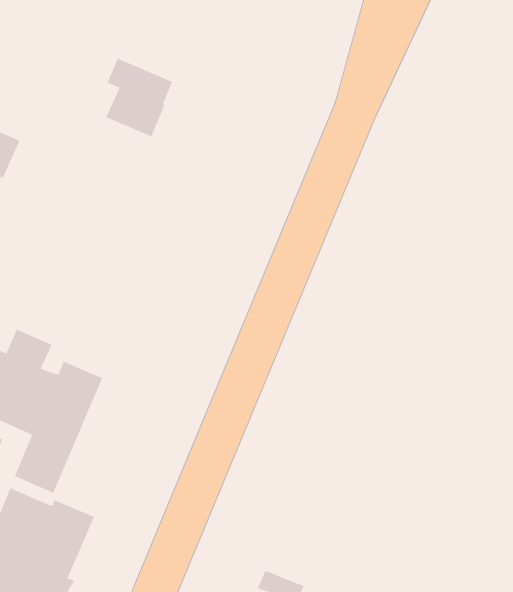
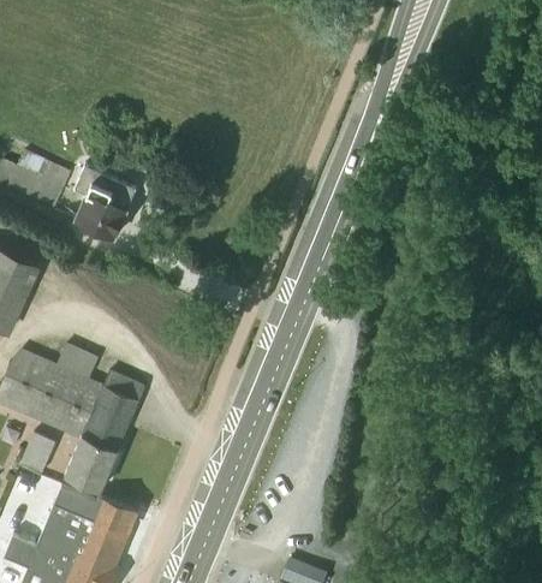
building: [105,58,173,138] -> [73,167,135,239]

